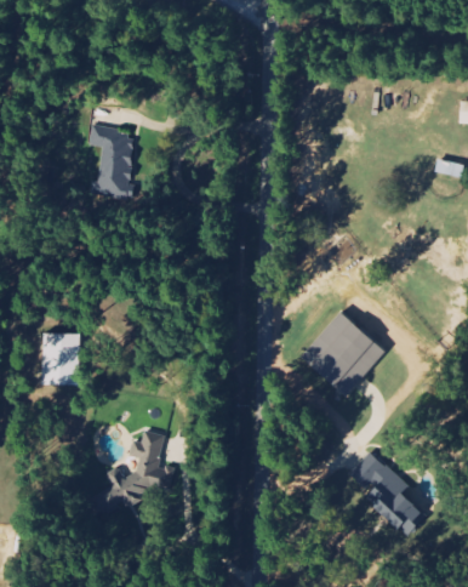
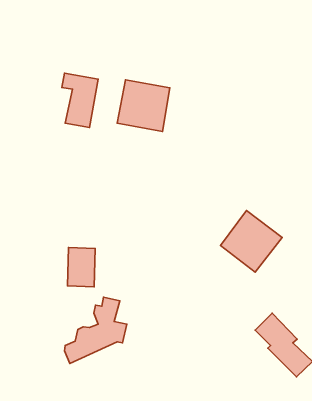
building: none -> [117,80,170,131]
building: [41,331,79,384] -> [67,248,95,287]

